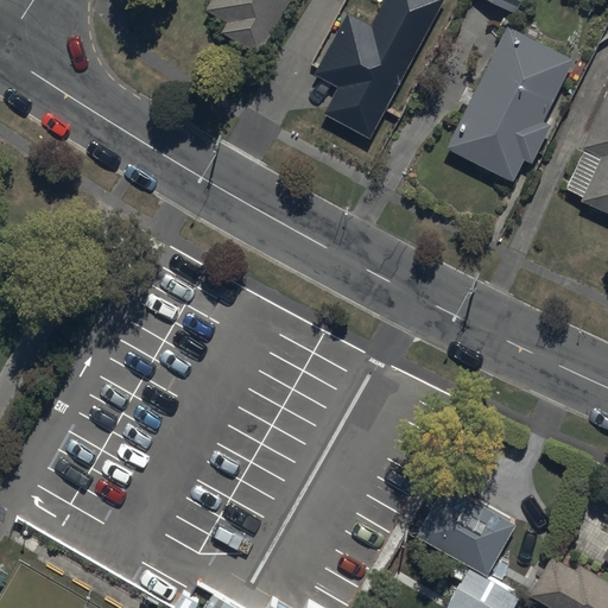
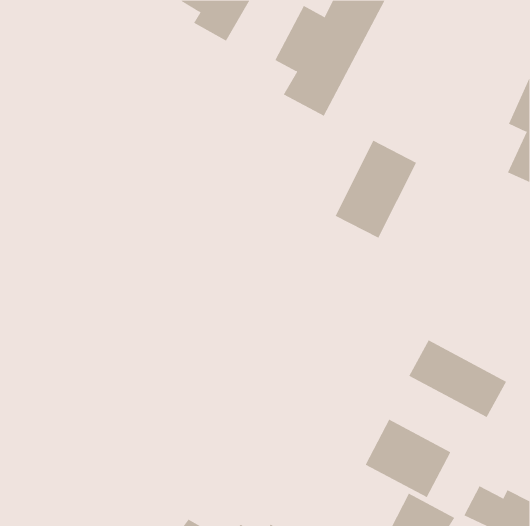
building: [448,26,574,179] -> none
building: none -> [335,140,417,239]
building: none -> [408,340,507,418]

